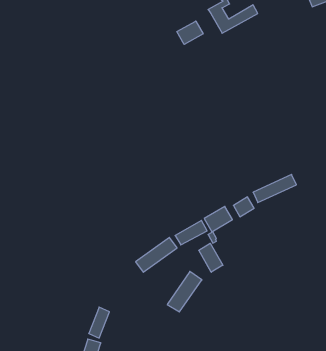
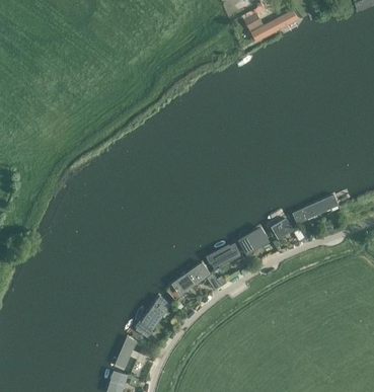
building: [177,21,203,44] -> none
building: [199,243,223,272] -> none
building: [167,271,202,312] -> [135,294,172,337]

